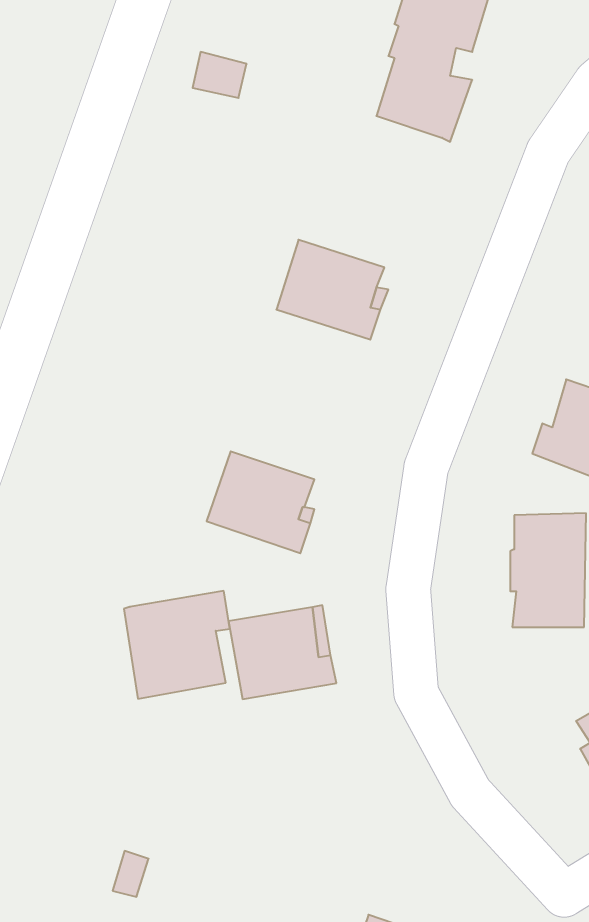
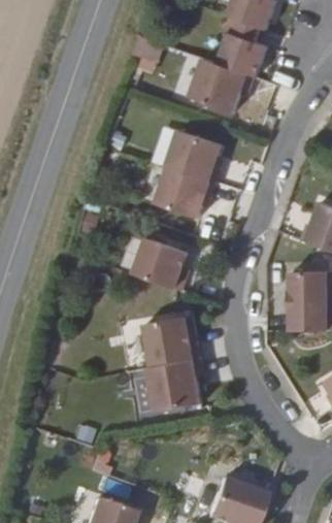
building: none -> [190,61,253,115]
building: none -> [156,166,215,216]
building: [124,591,230,699] -> [146,359,201,415]

